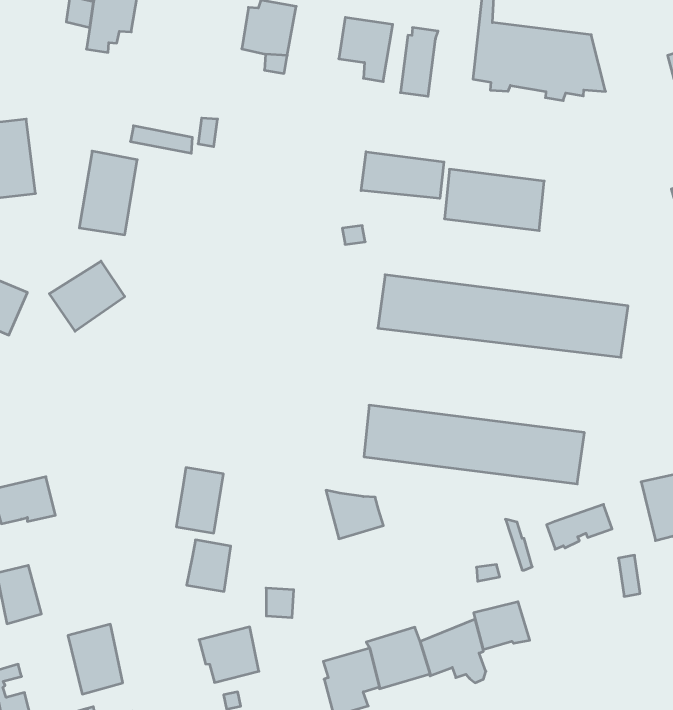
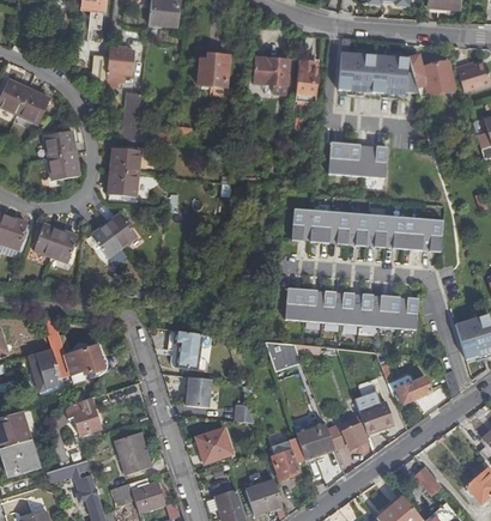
building: none -> [408,55,450,96]
building: none -> [122,90,140,126]
building: [361,152,444,198] -> none
building: [547,504,612,549] -> [392,376,431,405]

